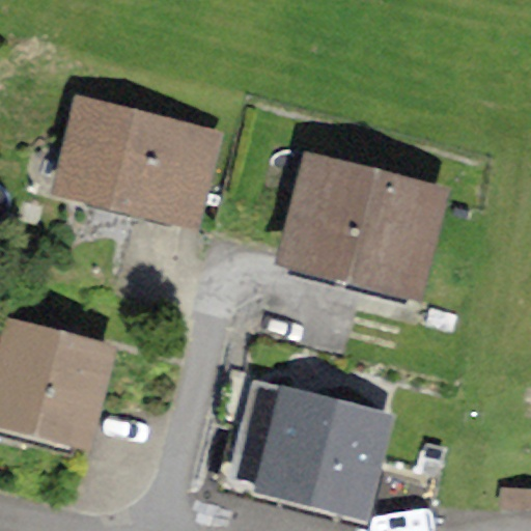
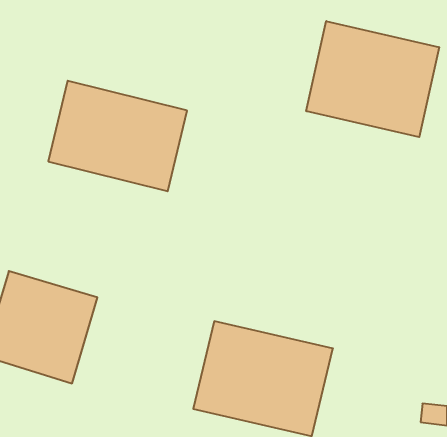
building: none -> [306,21,439,137]
building: [278,156,448,299] -> none

